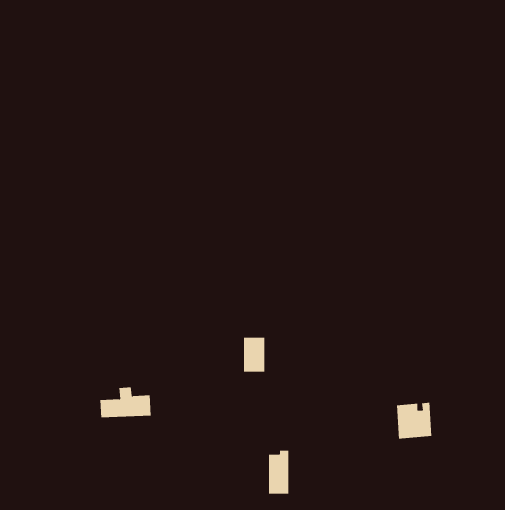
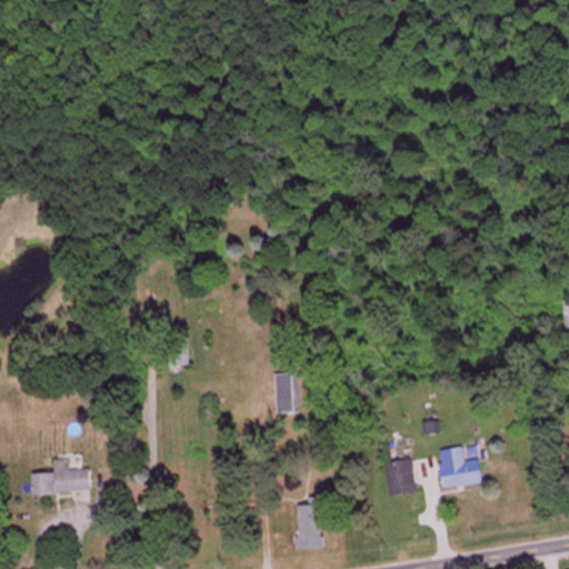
building: [99,387,151,418] -> [32,460,90,495]
building: none -> [383,459,416,497]

